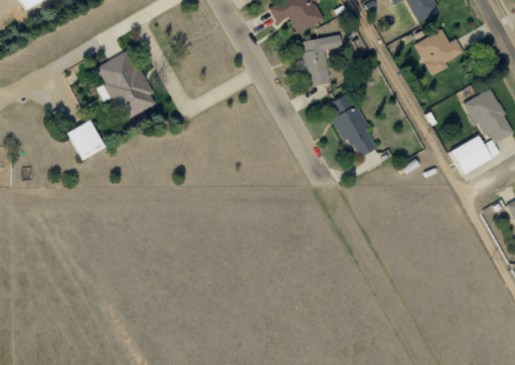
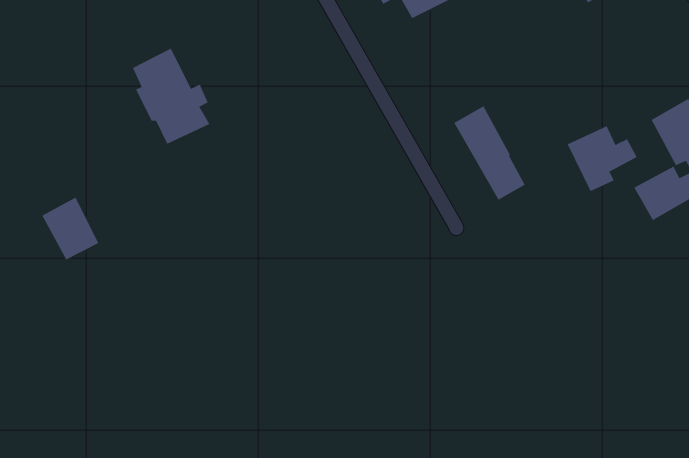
building: [414,30,464,76] -> [567,126,638,192]
building: [300,35,342,86] -> none
building: [67,118,108,162] -> [41,197,99,260]

